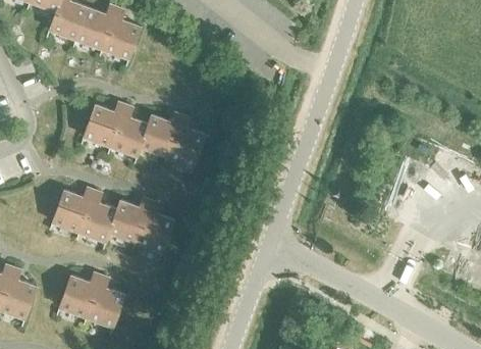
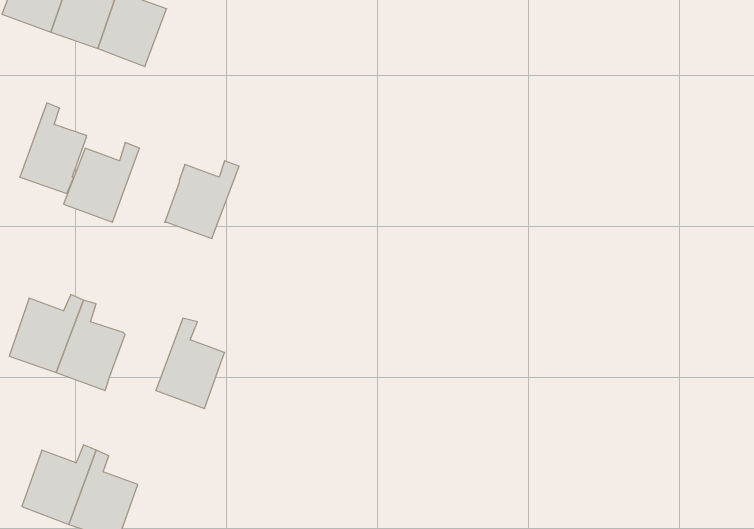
building: [110,105,148,156] -> [20,103,87,193]
building: [166,115,205,166] -> none
building: [109,198,150,242] -> none

